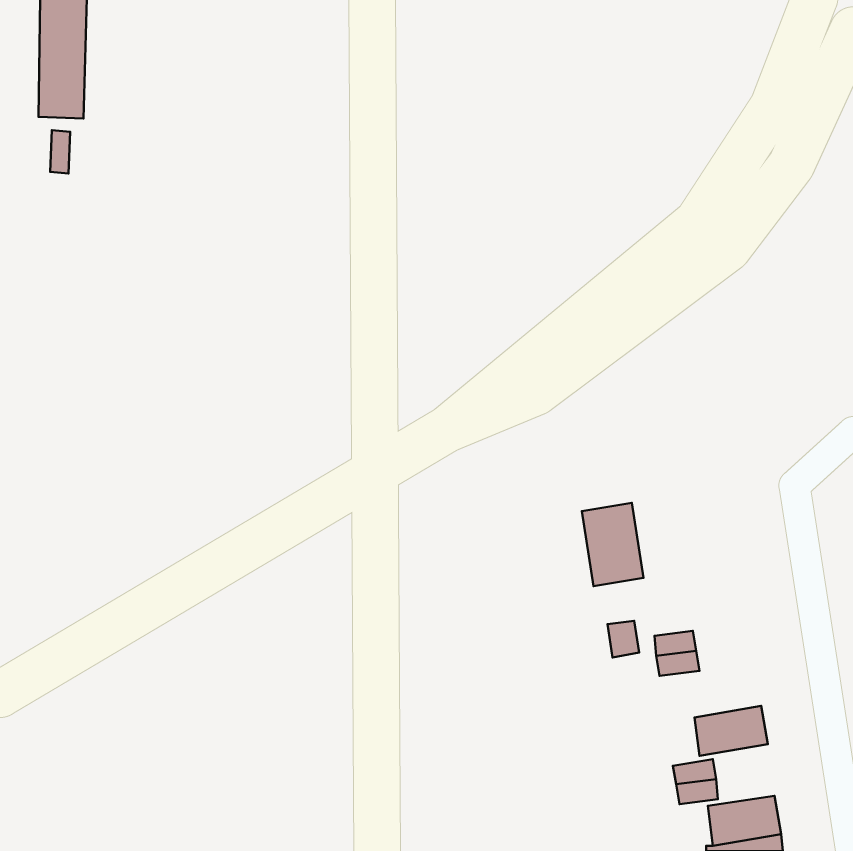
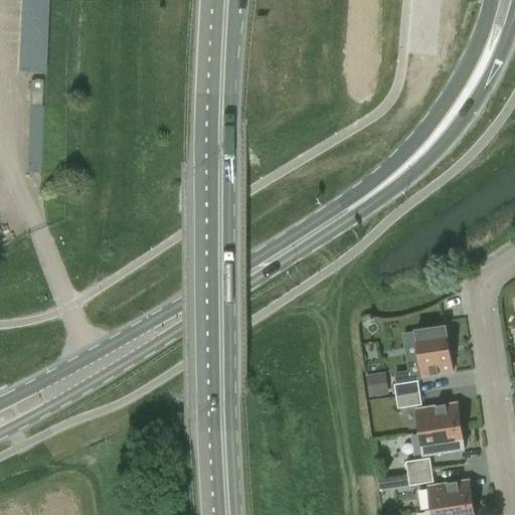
building: [582,503,644,586] -> [413,326,451,376]
building: none -> [414,402,459,433]

